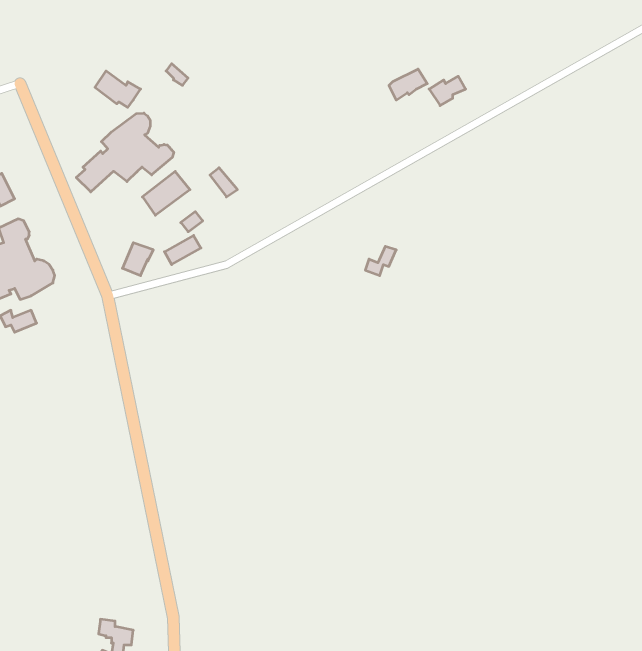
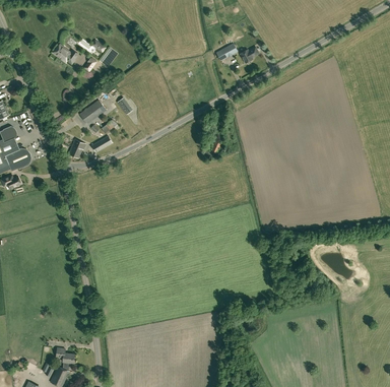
building: [76,113,174,192] -> none

